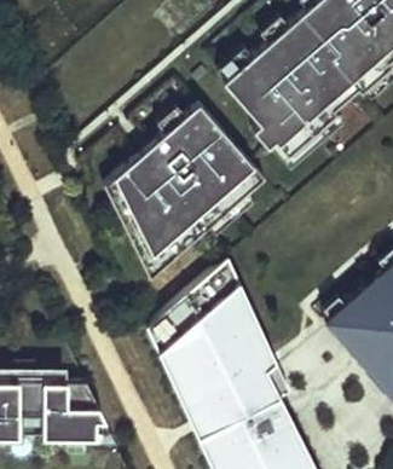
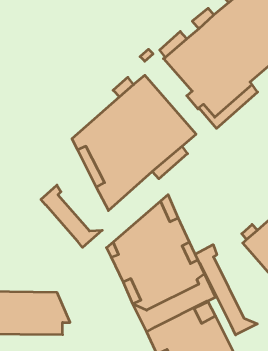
building: none -> [41,185,102,247]
building: none -> [195,245,257,335]

